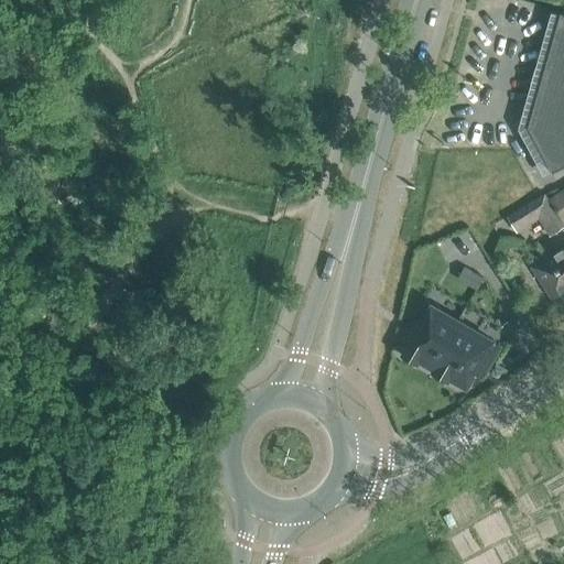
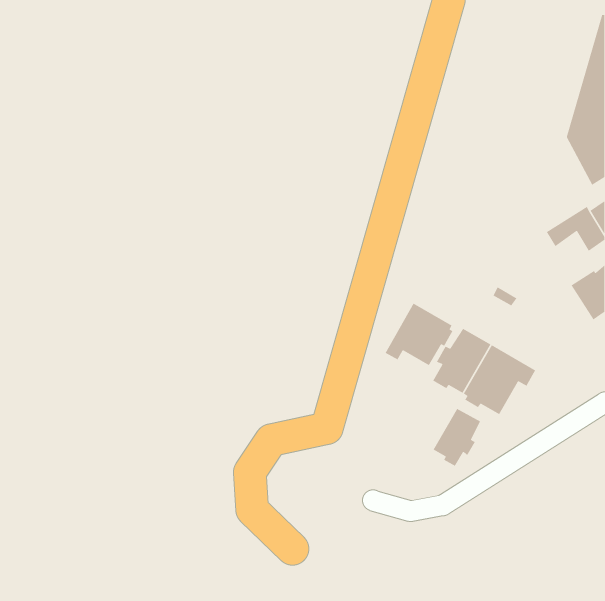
building: none -> [385,303,453,366]
building: none -> [433,408,481,467]

